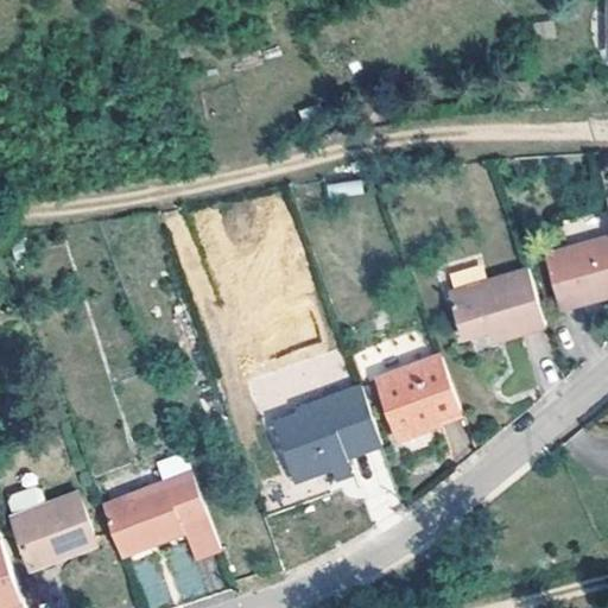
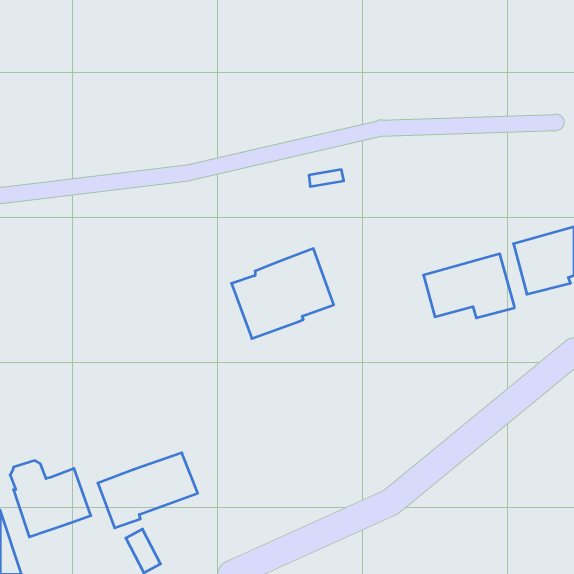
building: [374,354,457,437] -> none
building: [271,384,379,479] -> [231,249,334,339]
building: [147,521,220,560] -> none

